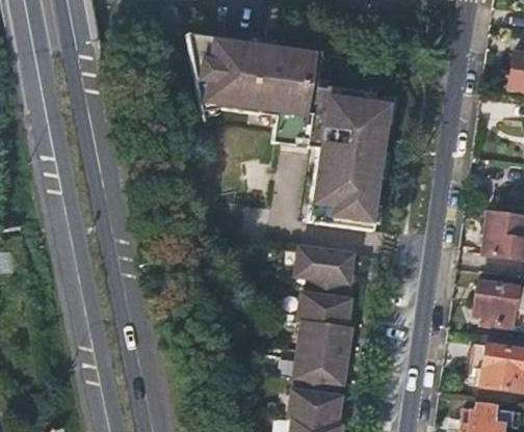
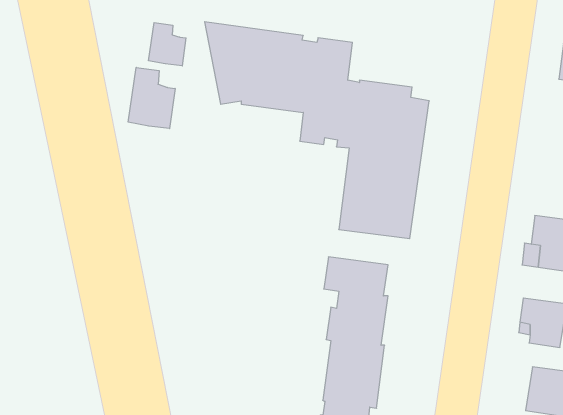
building: none -> [149,23,186,66]
building: none -> [128,67,175,129]

